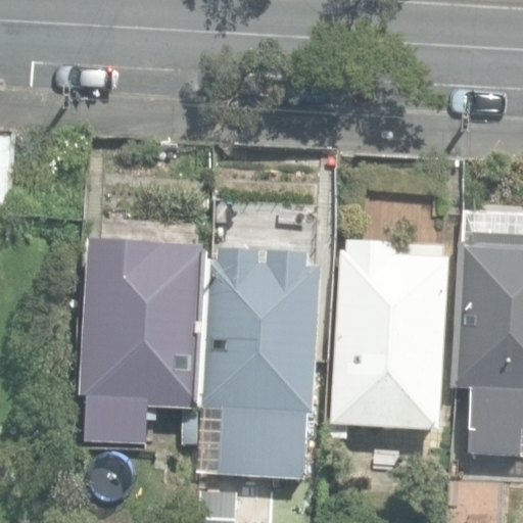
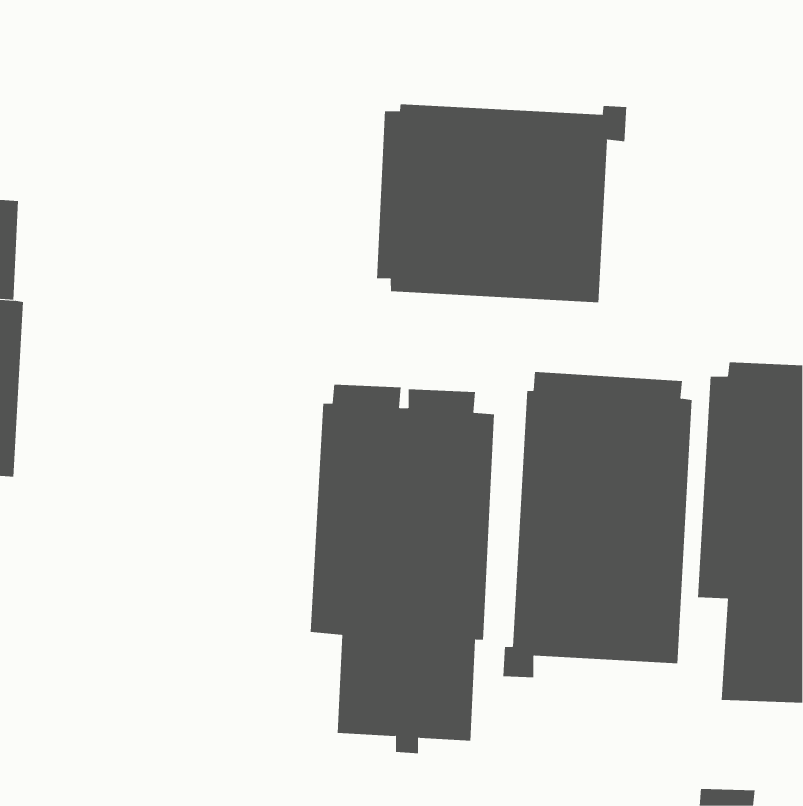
building: none -> [376,104,627,303]
building: [78,238,202,442] -> none

